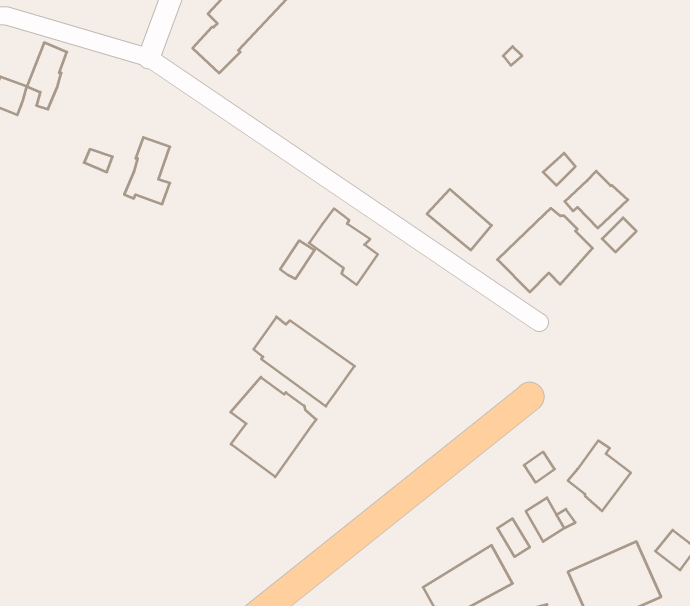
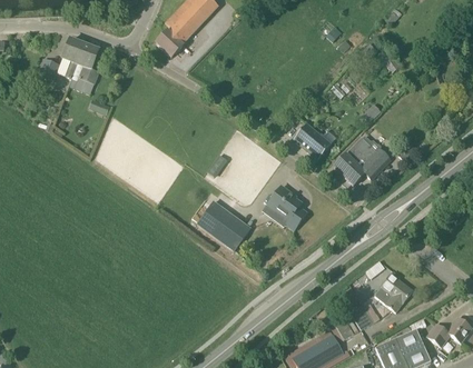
building: [124,137,170,204] -> [71,43,98,82]
building: [565,171,628,228] -> none
building: [309,209,378,285] -> [266,185,306,229]
building: [231,377,316,477] -> none

